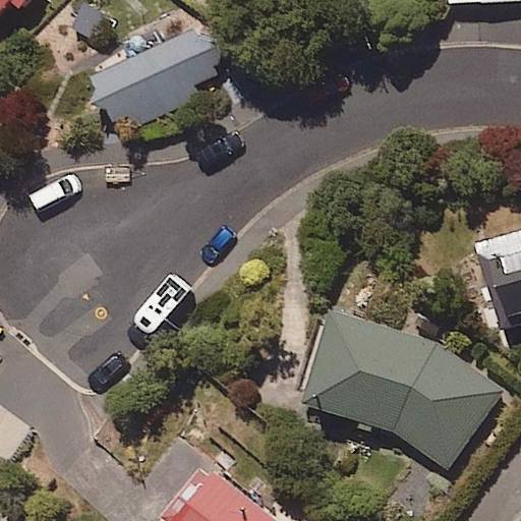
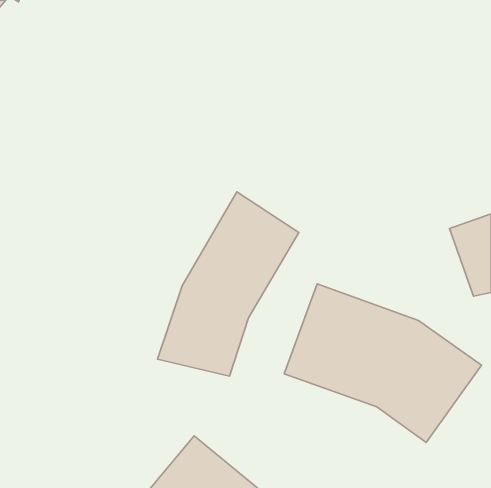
building: [91,16,240,135] -> none
building: none -> [158,192,299,376]

